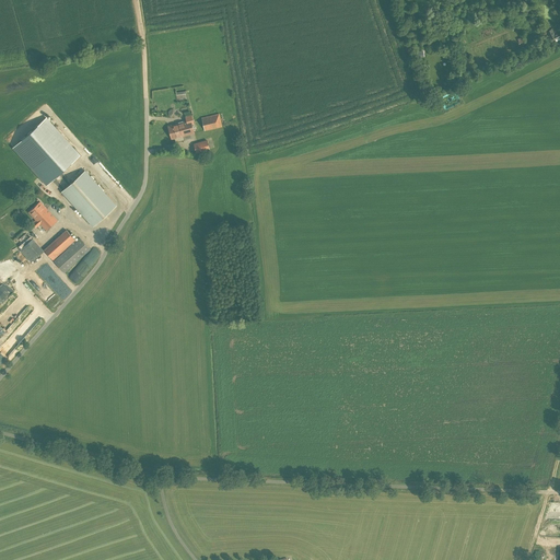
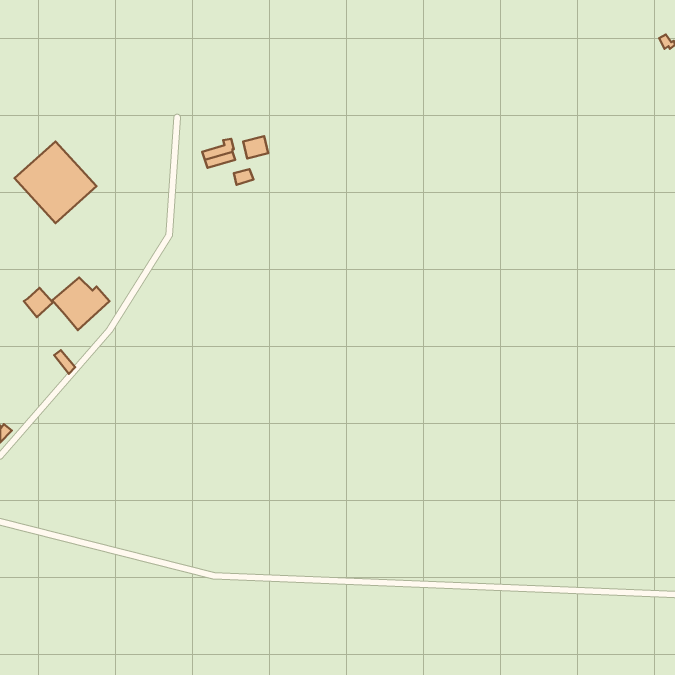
building: [61,171,115,224] -> none
building: [28,201,58,231] -> none

